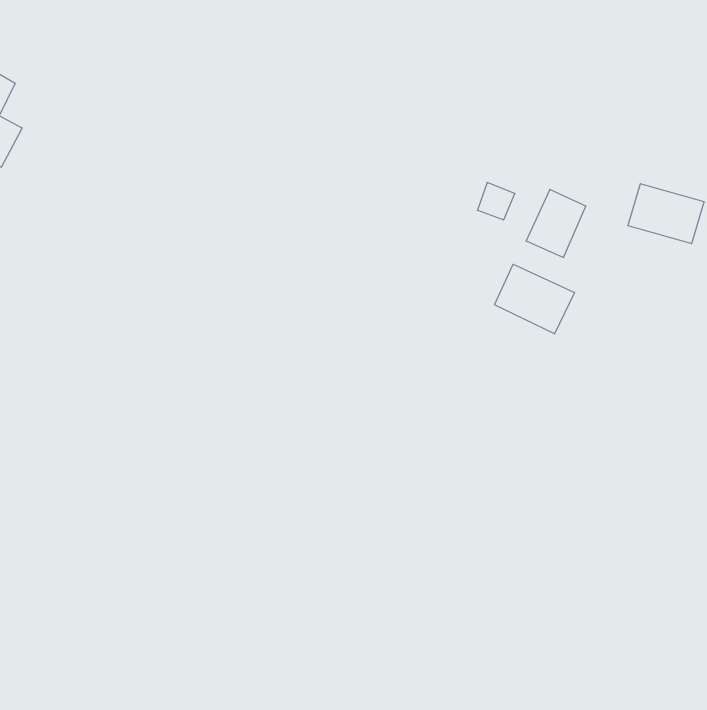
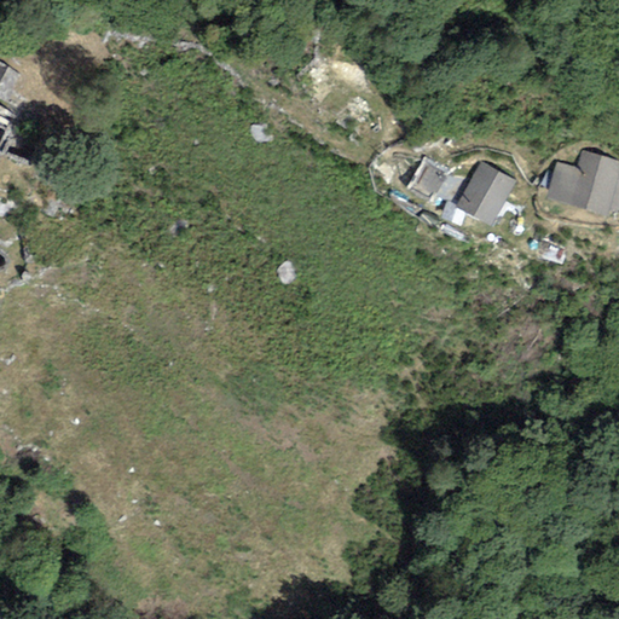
building: [495,264,574,334] -> none

